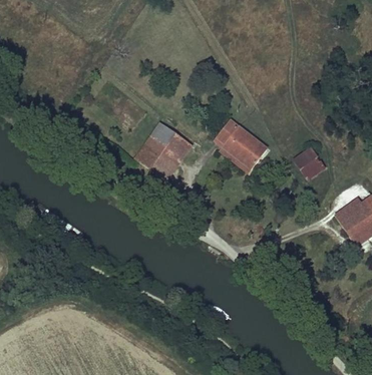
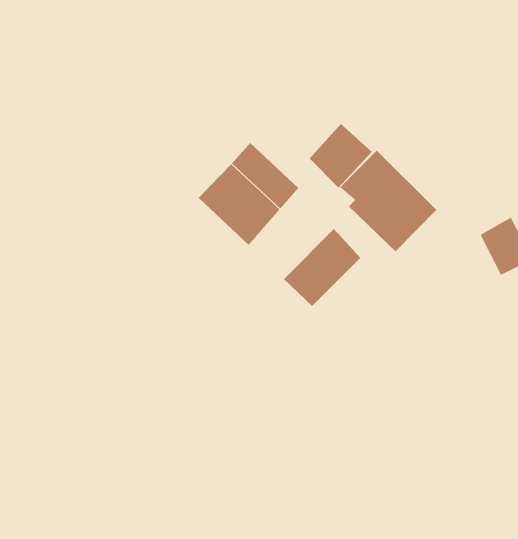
building: none -> [309,123,373,188]
building: none -> [283,228,361,307]

